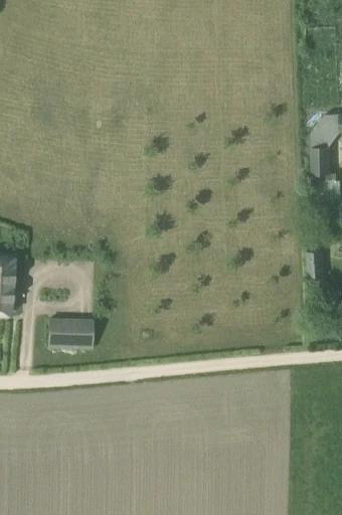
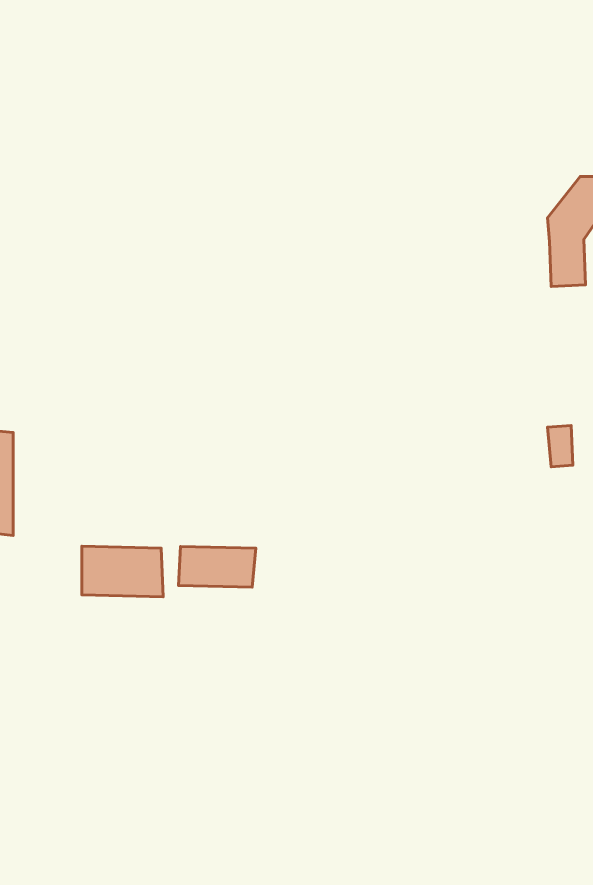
building: none -> [179,547,256,587]

